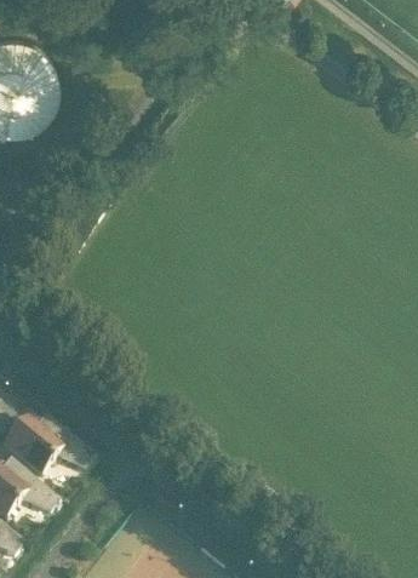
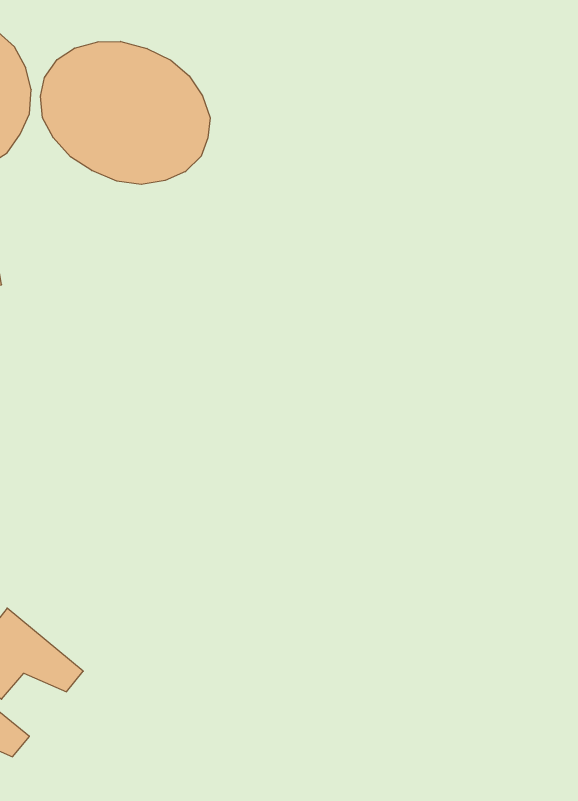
building: none -> [41,41,210,184]

